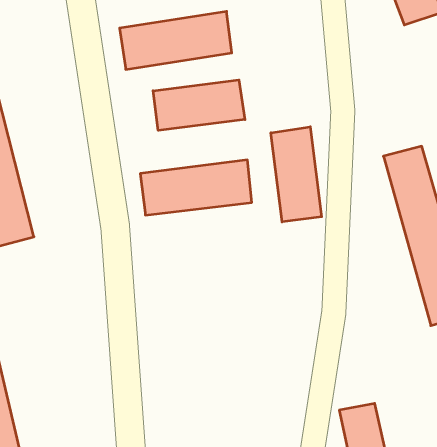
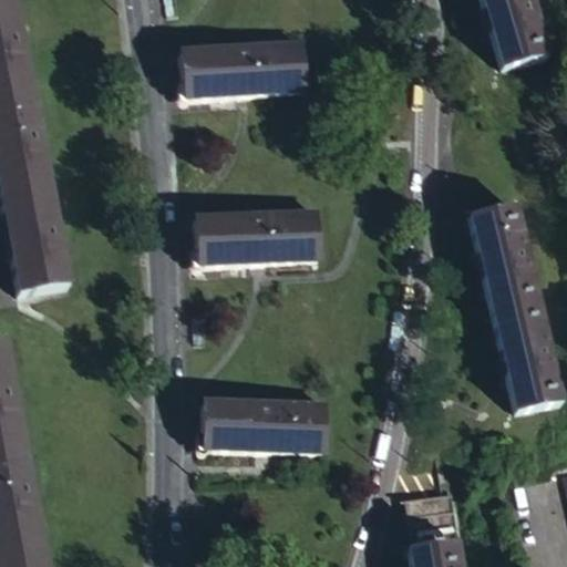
building: [153,80,245,130] -> none
building: [271,127,322,222] -> none
building: none -> [204,402,329,451]

